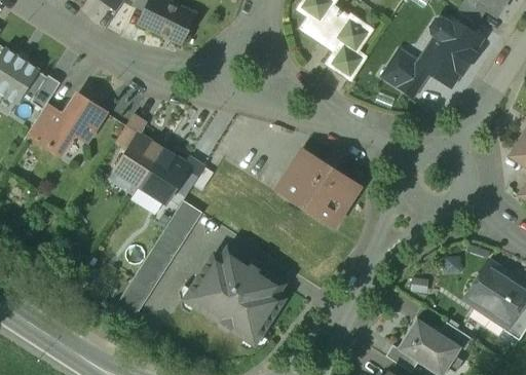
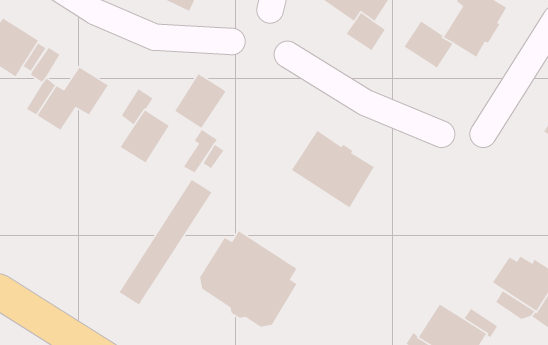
building: [140,149,189,201] -> [174,73,227,129]

